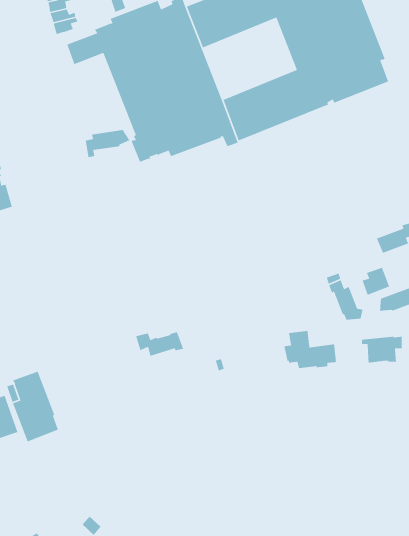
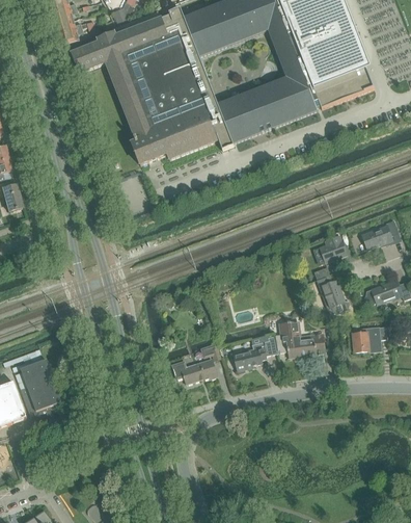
building: [85,129,131,158] -> none
building: [361,267,390,296] -> [319,234,346,261]
building: [135,331,184,357] -> [170,359,216,383]
building: none -> [231,335,277,370]

